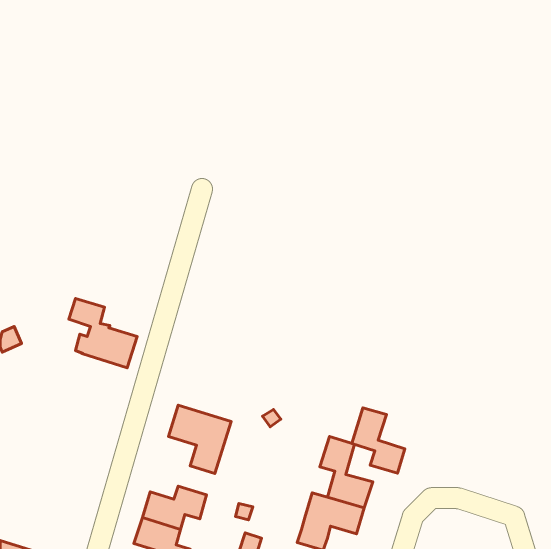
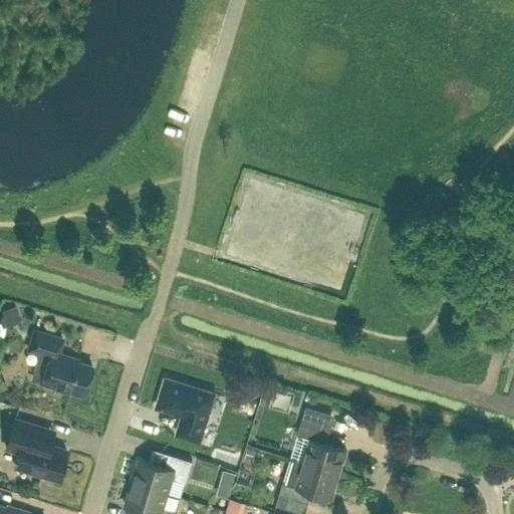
building: [69,299,137,368] -> [29,332,92,397]
building: [352,408,405,473] -> none
building: none -> [6,421,67,481]

